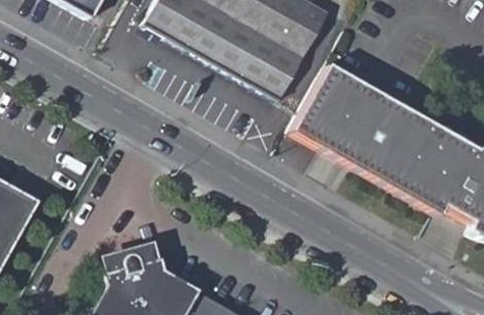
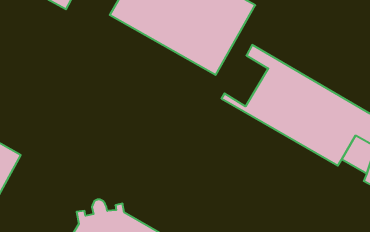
building: [292,74,347,139] -> none

